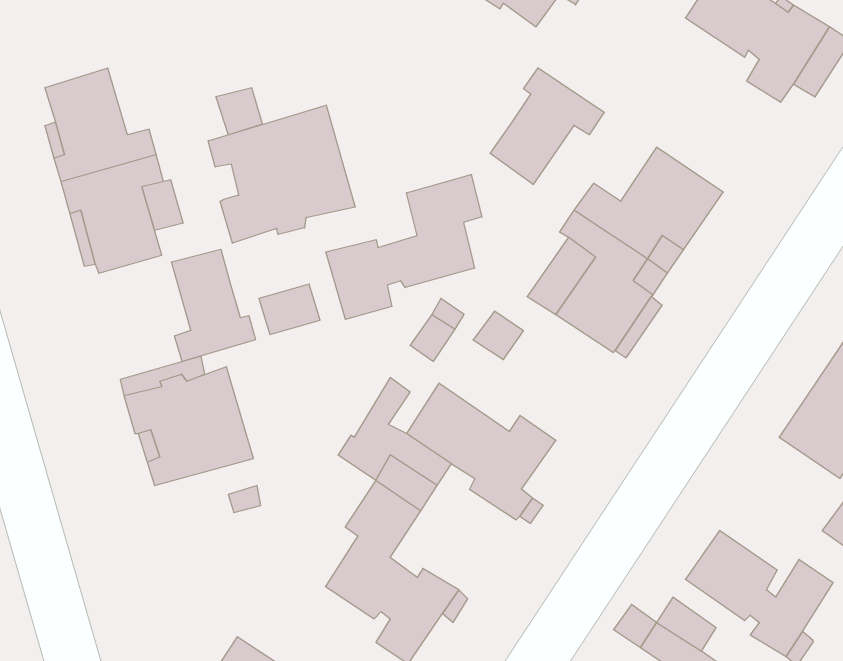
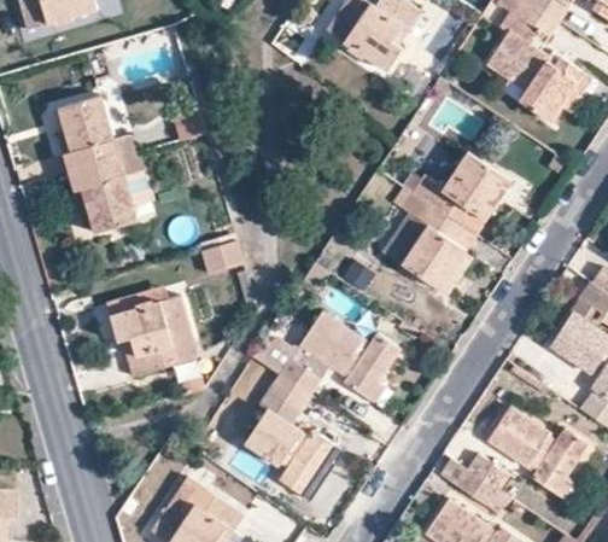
building: [490,68,604,185] -> none
building: [208,105,355,243] -> none
building: [326,174,482,319] -> none
building: [171,249,256,362] -> none

